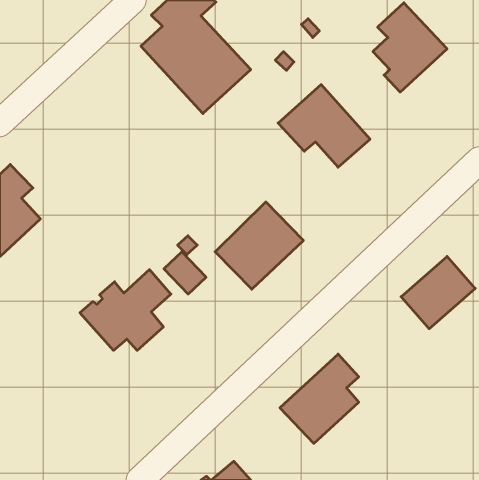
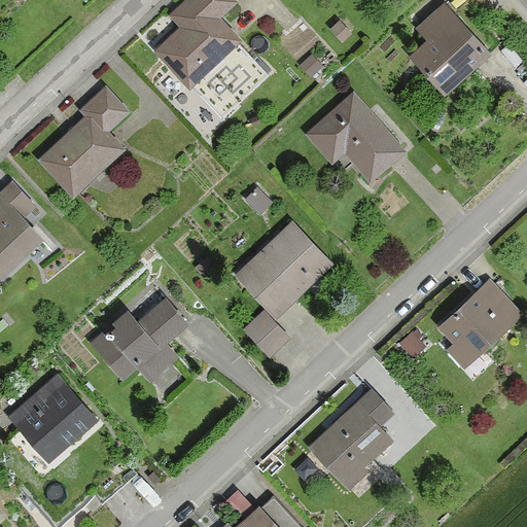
building: none -> [37,85,128,199]
building: [164,252,206,294] -> [243,312,289,358]
building: none -> [14,385,96,463]

